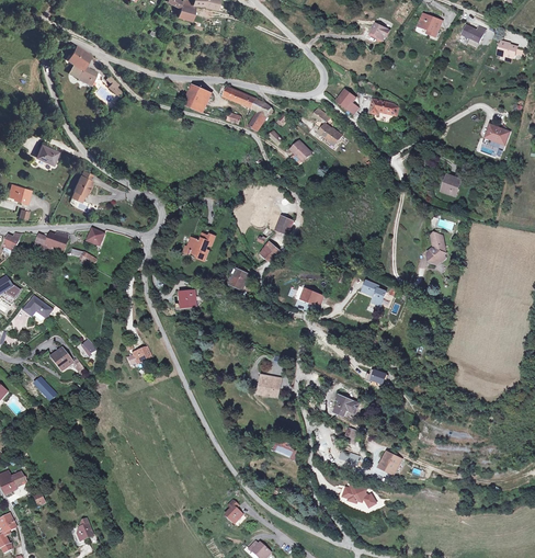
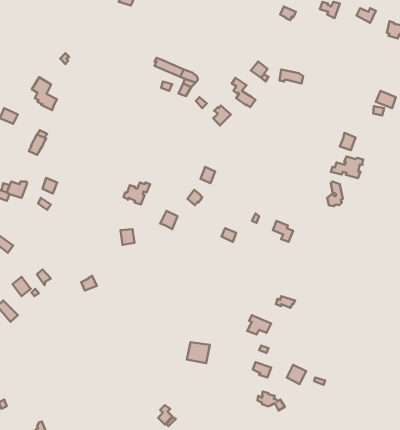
building: [66,45,95,84] -> [32,77,57,110]
building: [181,82,210,113] -> none
building: none -> [331,156,363,178]
building: [254,373,282,398] -> [187,342,210,363]

